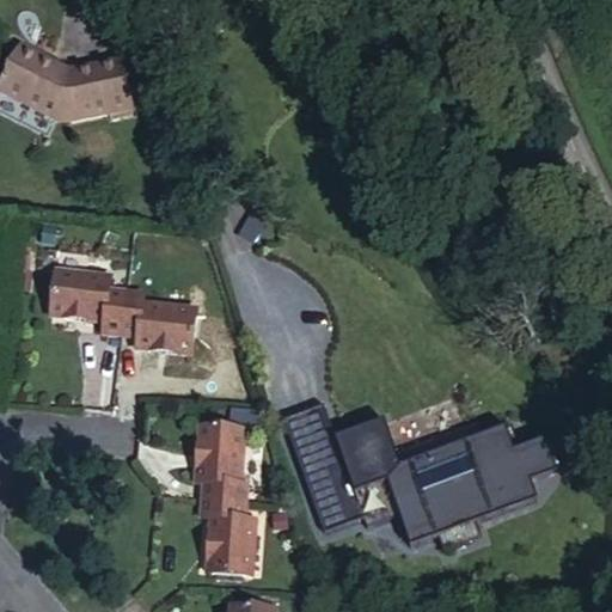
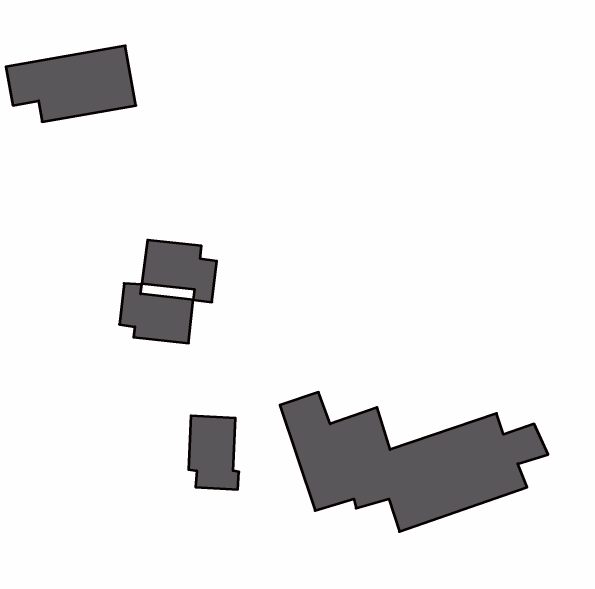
building: [50,268,127,331] -> [142,240,217,302]
building: [198,497,253,573] -> none

